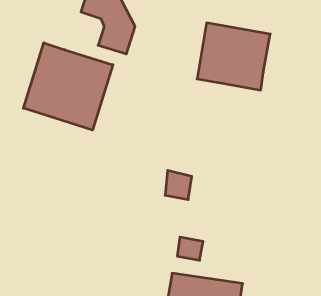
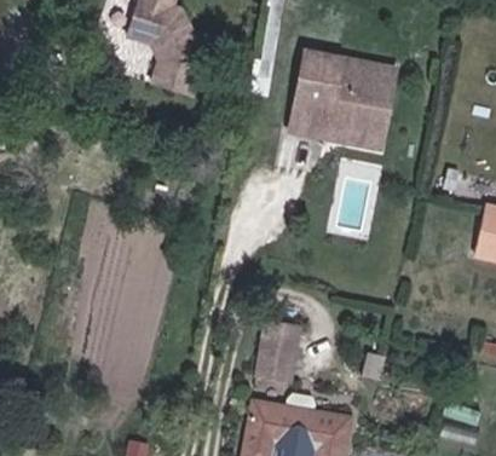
building: [23,43,113,130] -> none
building: [165,170,192,200] -> [264,316,301,357]

